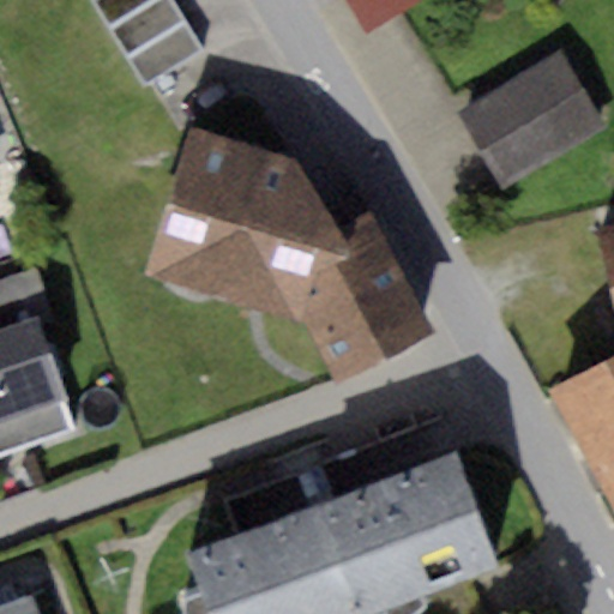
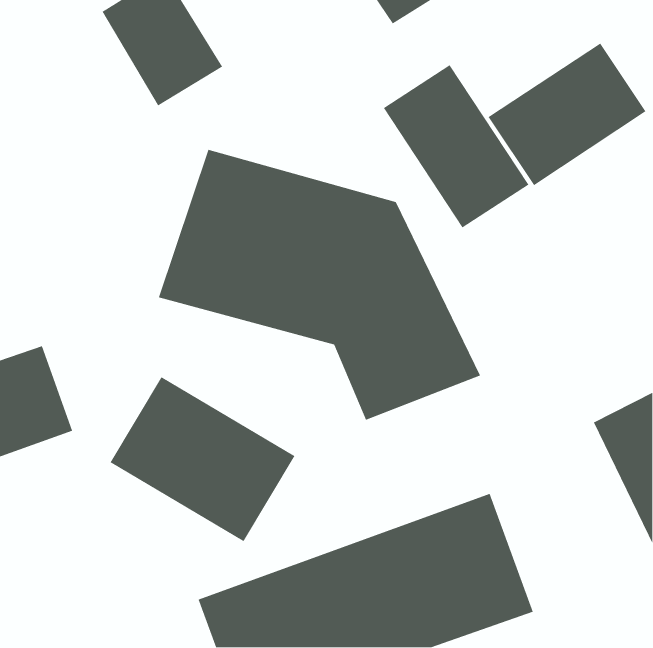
building: none -> [383,64,529,229]
building: none -> [109,376,296,542]

